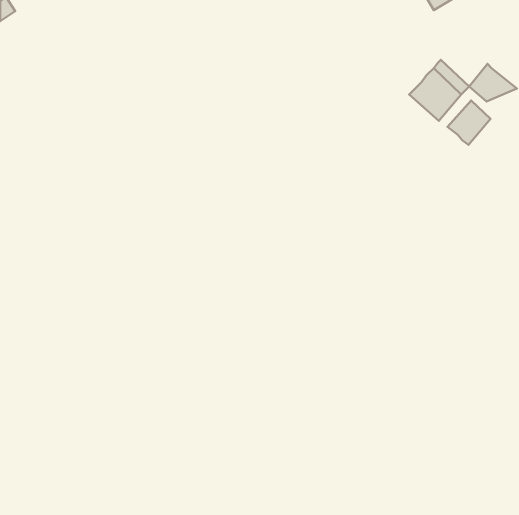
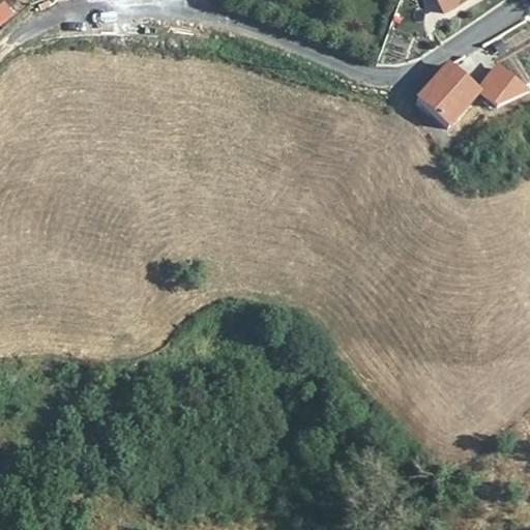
building: [448,100,490,145] -> none

